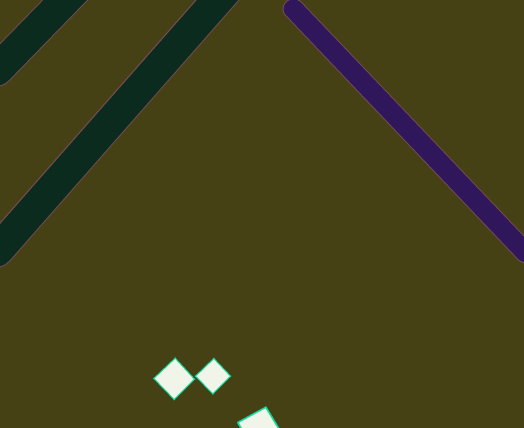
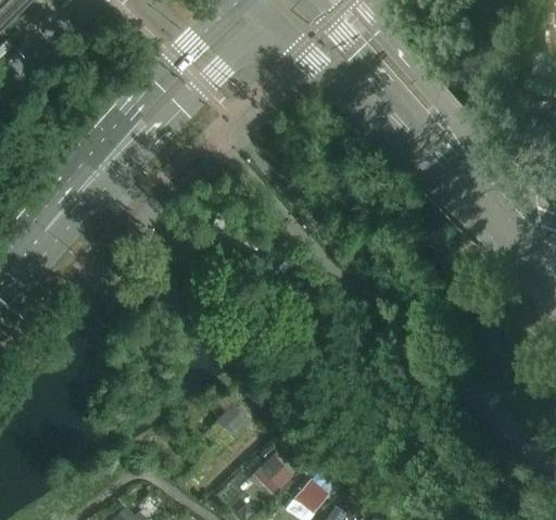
building: [154,358,194,400] -> none

